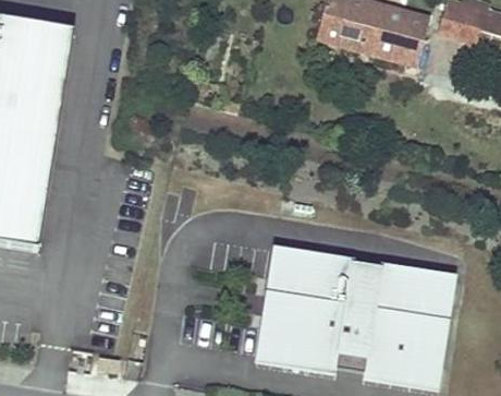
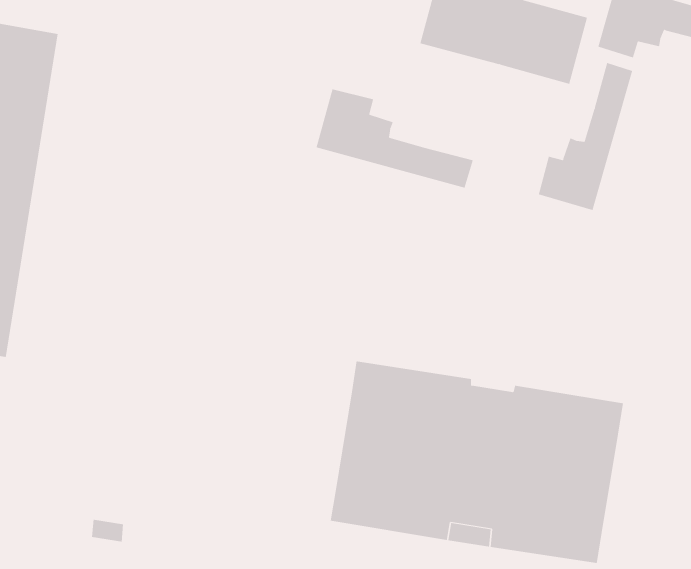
building: none -> [538,62,633,211]
building: none -> [316,89,474,188]

